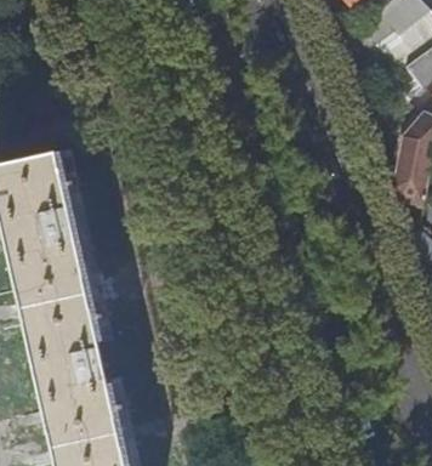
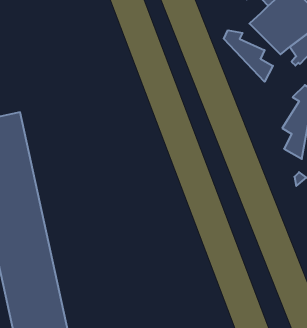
building: none -> [224,30,273,82]

